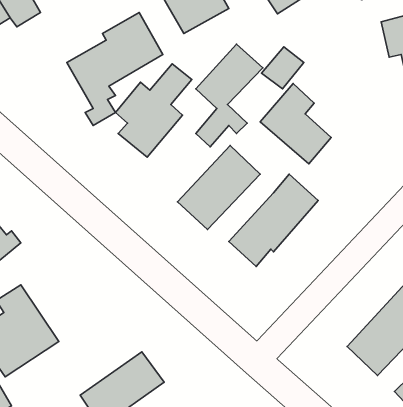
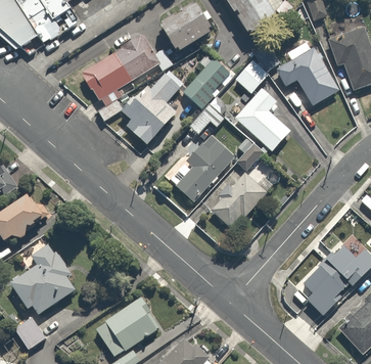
building: none -> [276,48,339,104]

